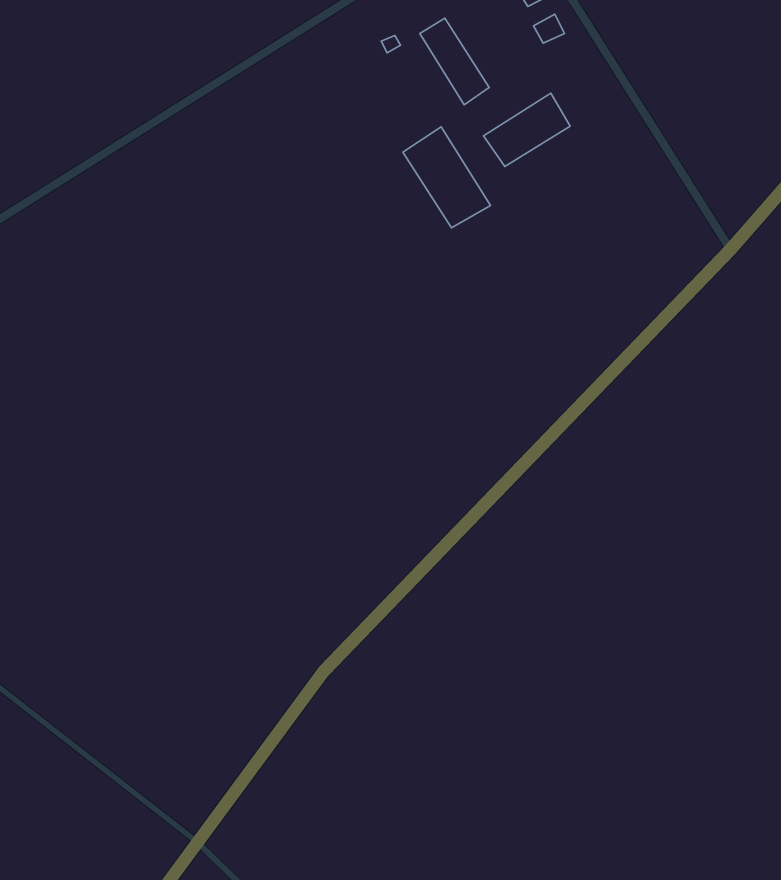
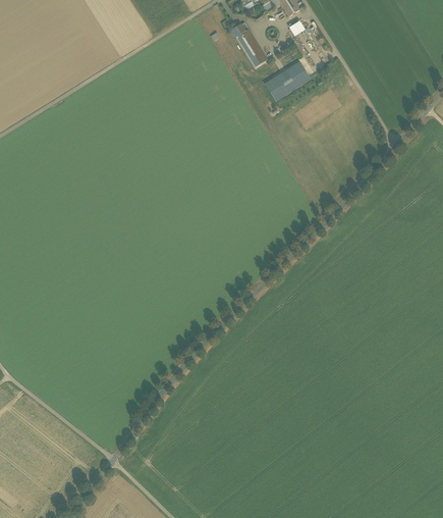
building: [403,127,490,228] -> none

